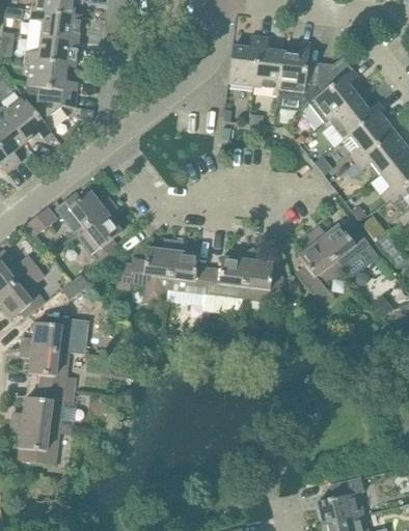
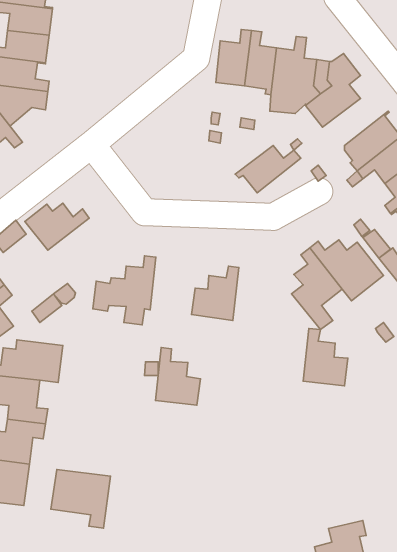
building: [324,96,383,139] -> [235,146,301,193]
building: [76,204,121,260] -> none
building: [168,240,209,291] -> [156,348,200,405]
building: [243,249,283,301] -> [303,328,348,386]
building: none -> [51,469,110,528]

